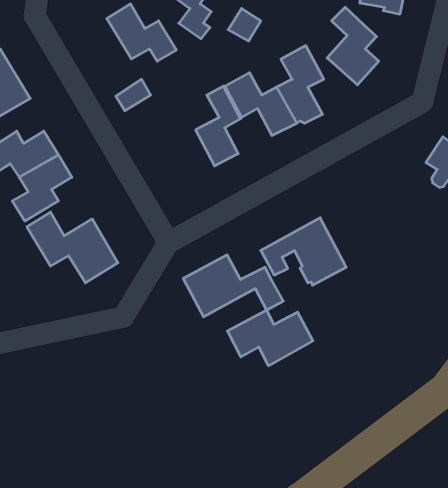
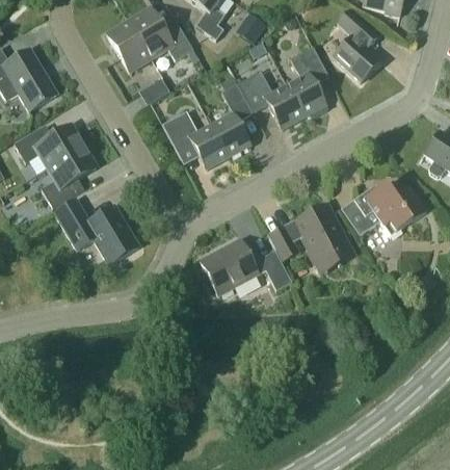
building: none -> [107,20,152,71]
building: none -> [162,109,229,168]
building: none -> [341,183,426,235]
building: [227,310,313,366] -> none

